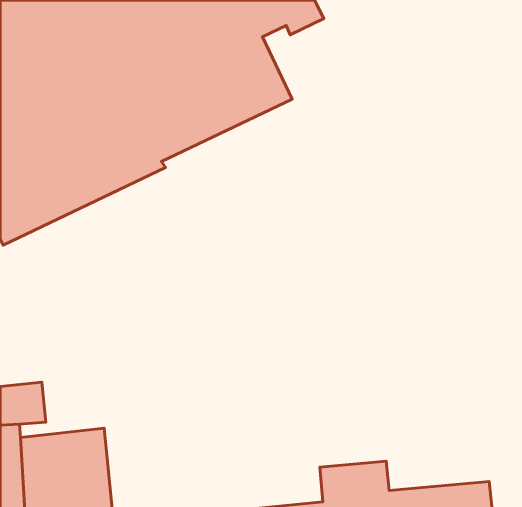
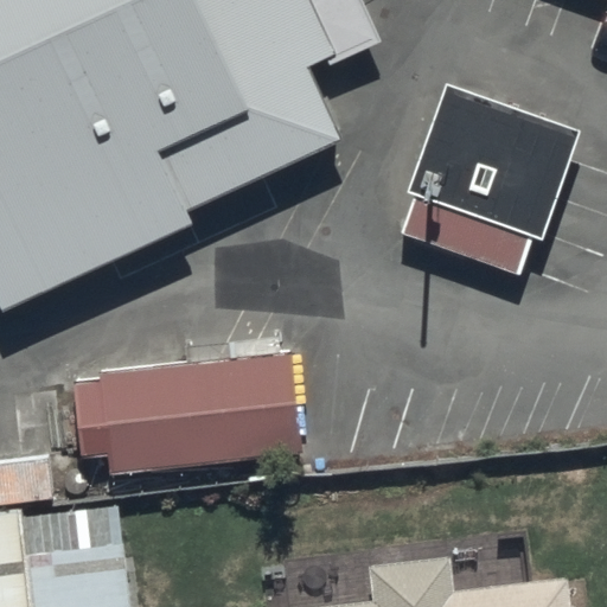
building: none -> [401,95,574,250]
building: none -> [72,357,305,473]

